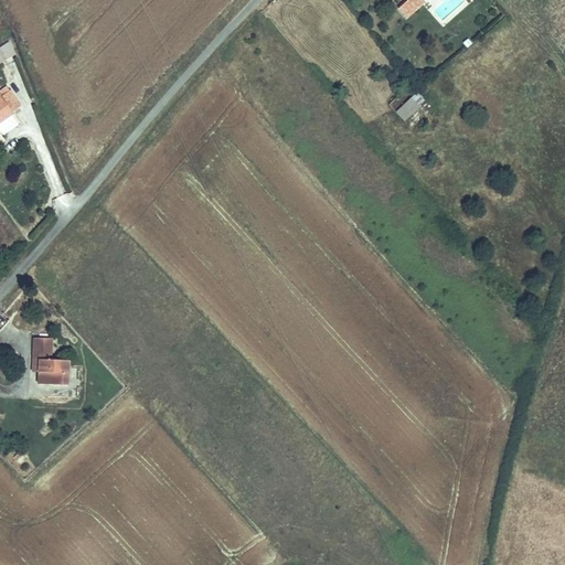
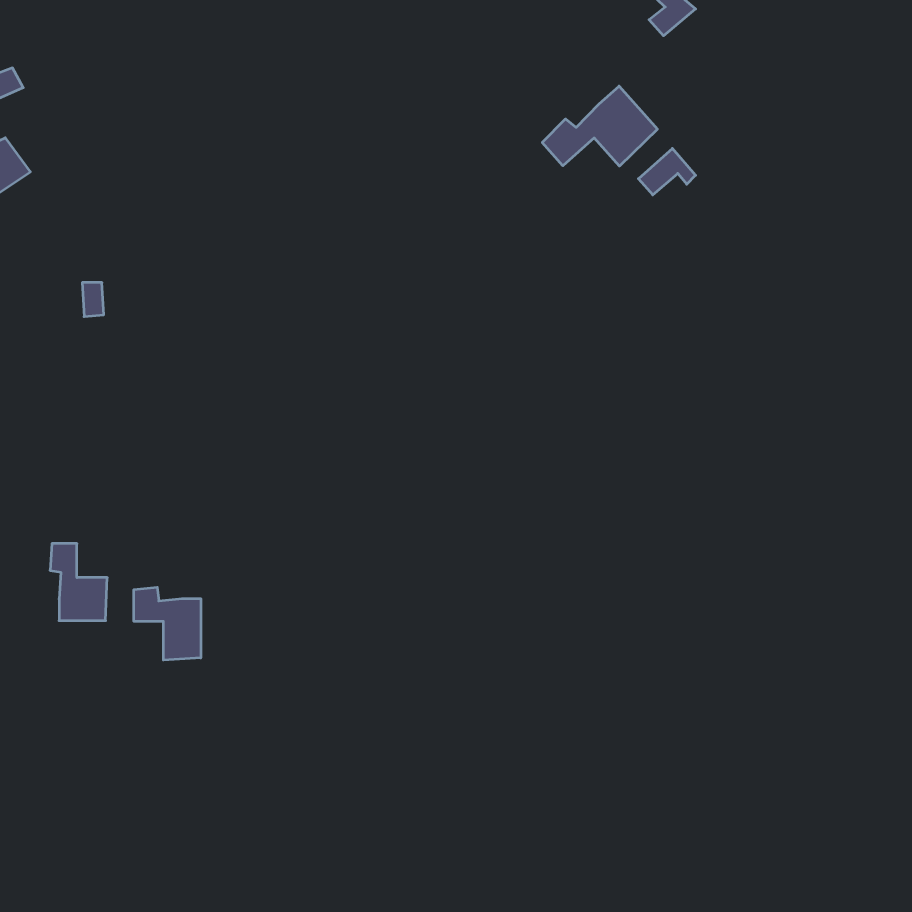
building: none -> [542,86,657,166]
building: none -> [134,587,201,660]

